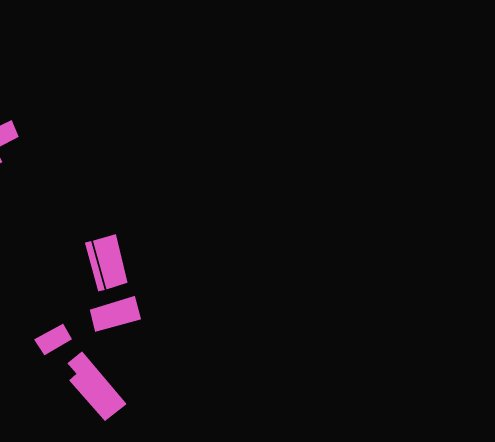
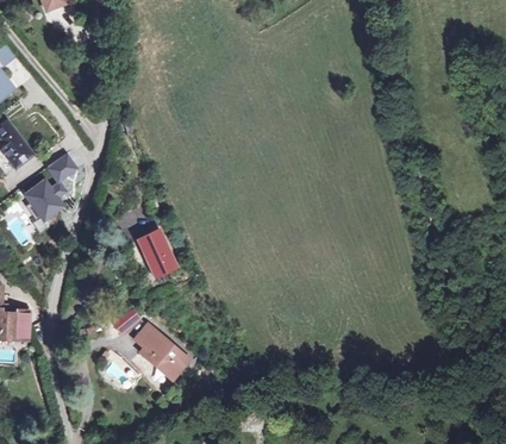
building: [89,295,142,333] -> none

